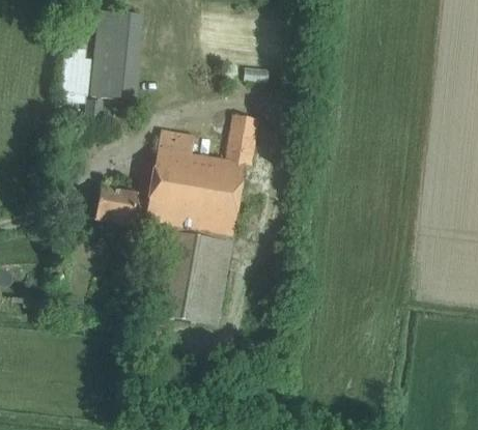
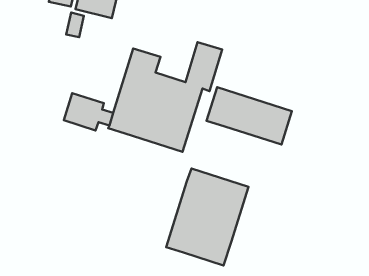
building: none -> [207,87,292,145]
building: [150,224,231,325] -> [166,168,248,266]

